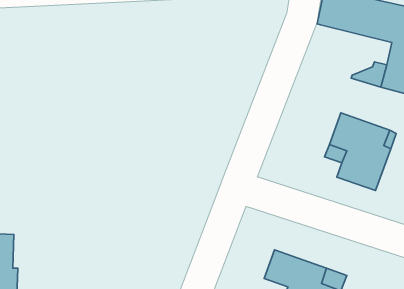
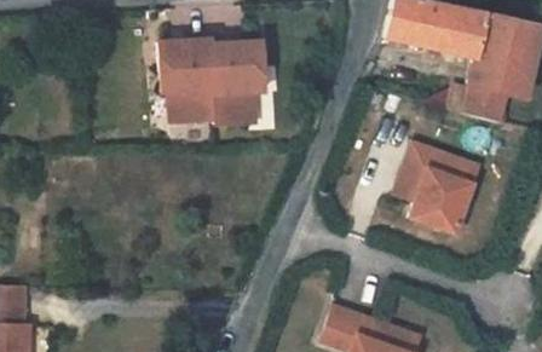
building: none -> [157,41,260,126]

